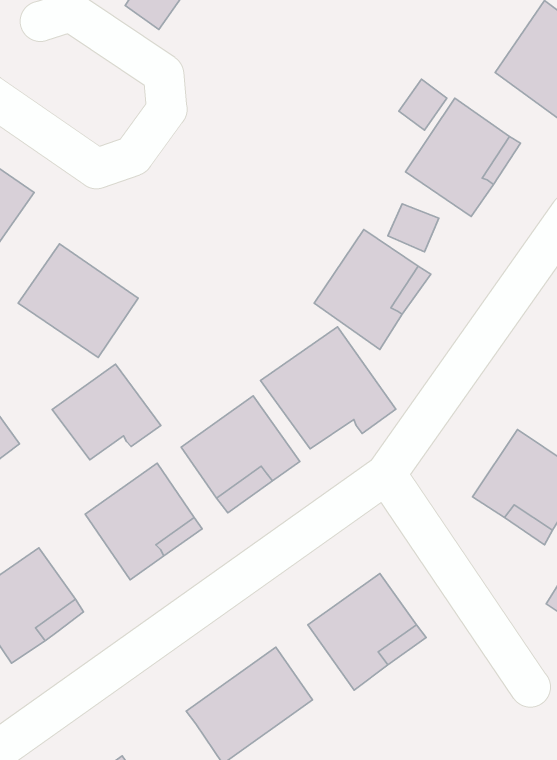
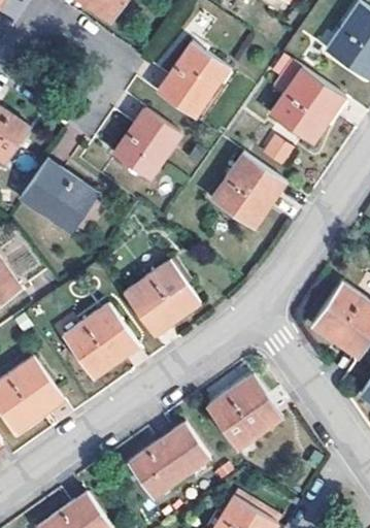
building: none -> [156,43,228,119]
building: none -> [113,110,178,180]
building: [260,327,396,449] -> none
building: [52,364,161,460] -> none

